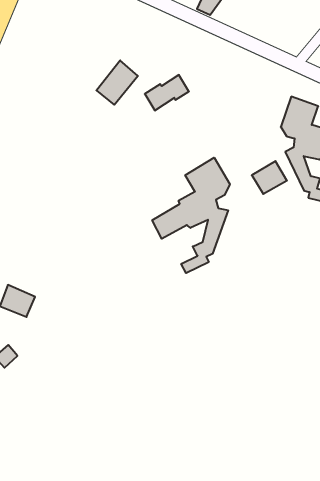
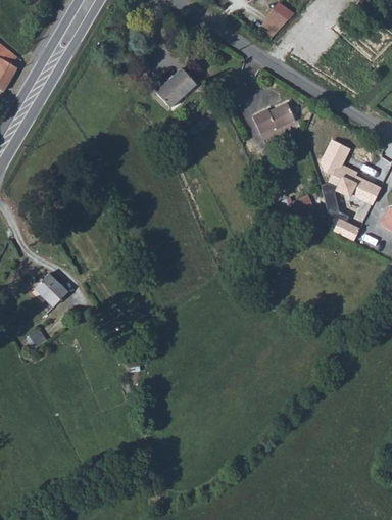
building: [145,75,189,110] -> [252,109,293,139]
building: [152,158,230,273] -> none

